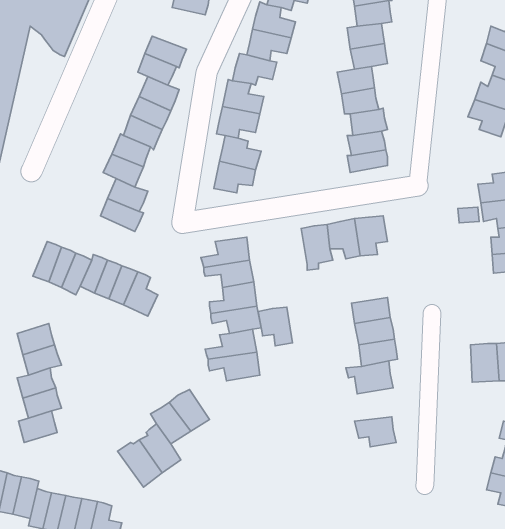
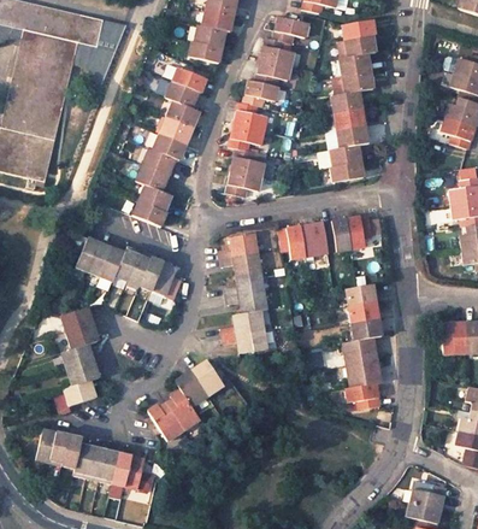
building: none -> [185,40,219,63]
building: [258,307,292,346] -> [276,227,305,259]
building: none -> [343,360,380,388]

